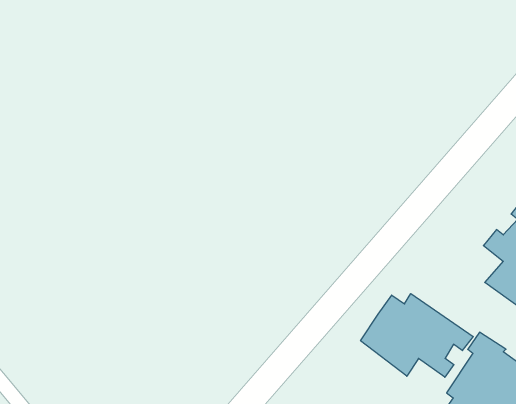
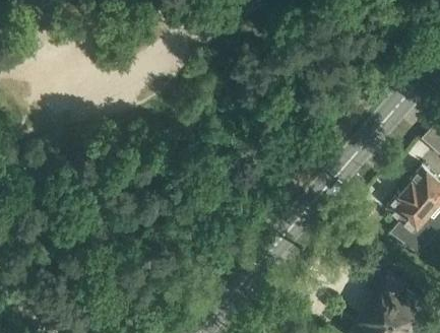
building: [361,294,473,377] -> none

